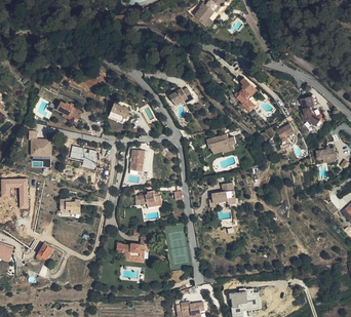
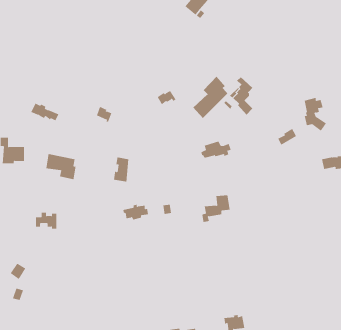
building: none -> [193,76,228,119]
building: [115,236,149,259] -> none

